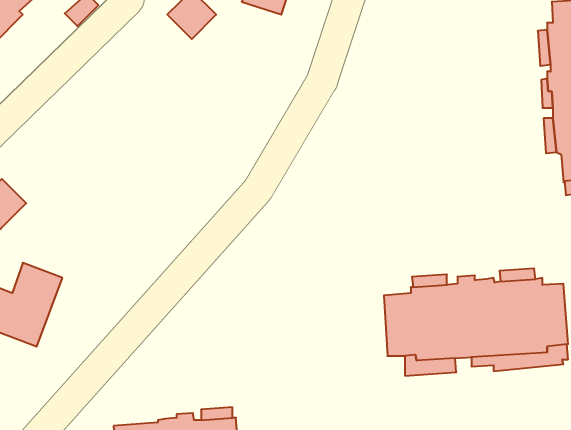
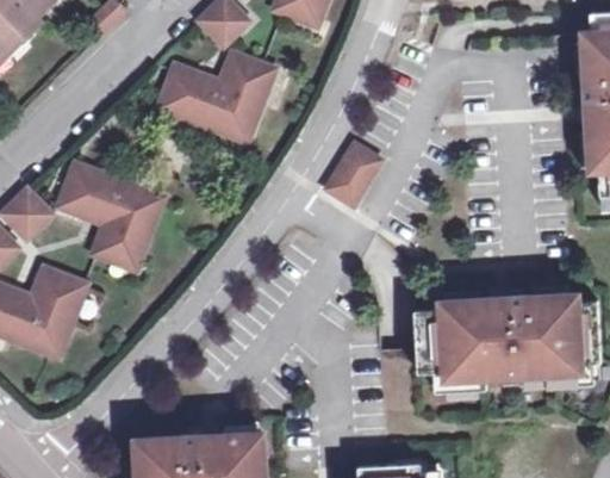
building: none -> [156,54,268,139]
building: none -> [324,141,380,204]
building: none -> [60,170,161,272]

